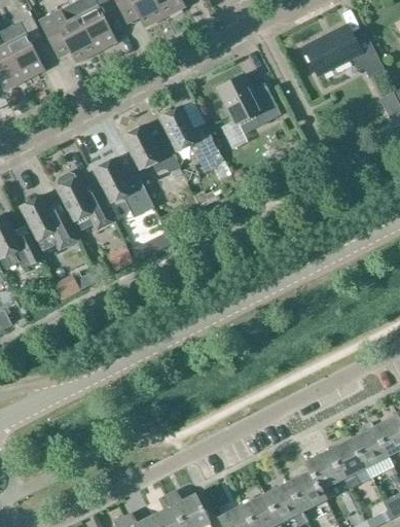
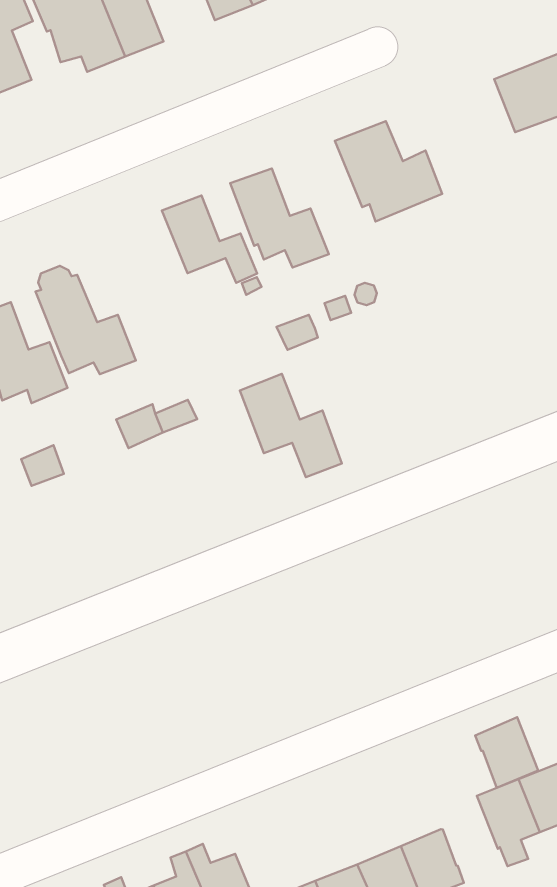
building: [92,160,152,216] -> [240,374,342,477]
building: [304,450,341,490] -> [475,717,538,787]

